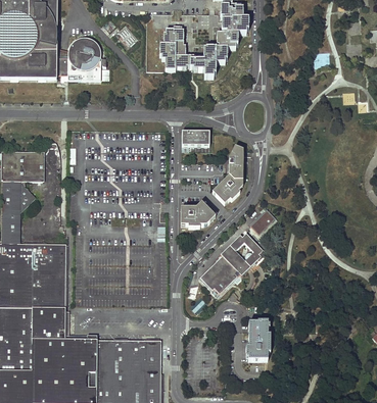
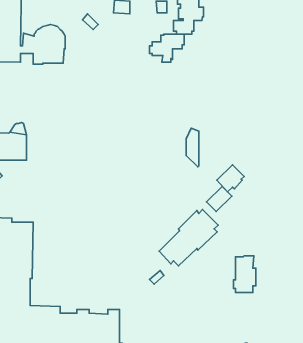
building: [158,27,193,70] -> none
building: [182,132,209,151] -> none
building: [213,175,241,204] -> [217,165,244,192]
building: [181,203,215,228] -> none
building: [246,321,270,360] -> [233,256,256,293]

